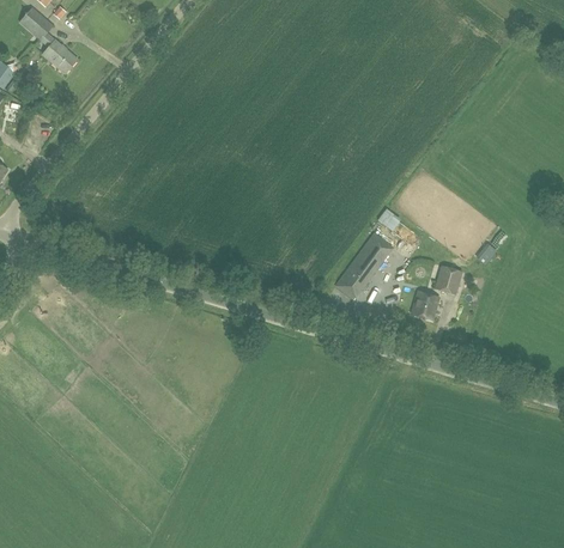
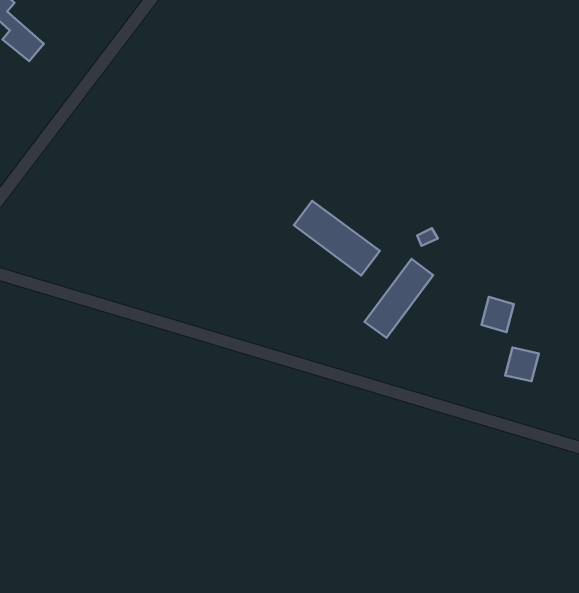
building: none -> [294,201,380,276]
building: [410,291,437,318] -> [505,348,539,381]

